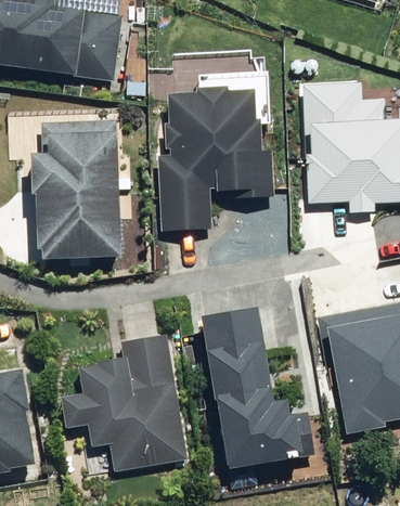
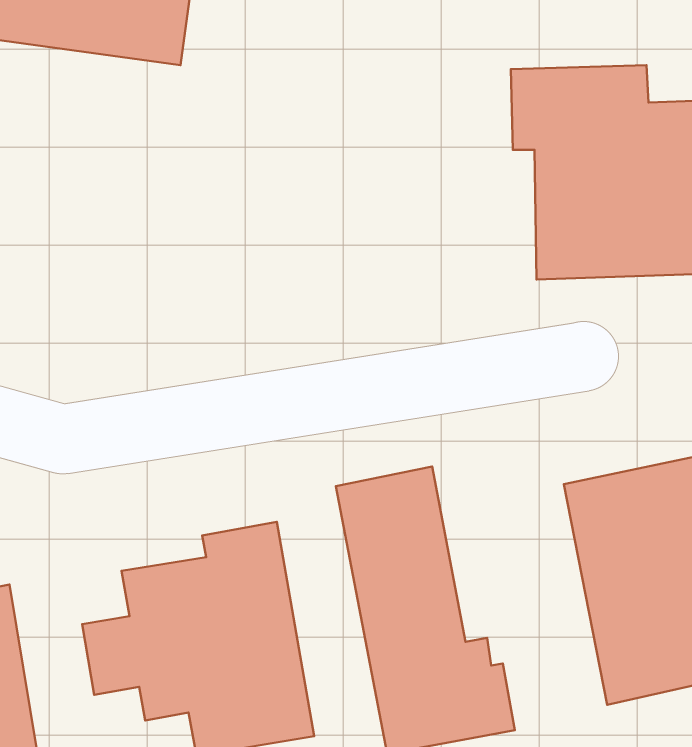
building: [159,86,273,230] -> none
building: [27,120,119,258] -> none

